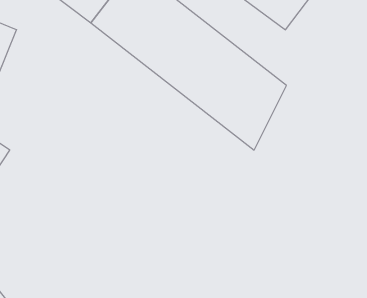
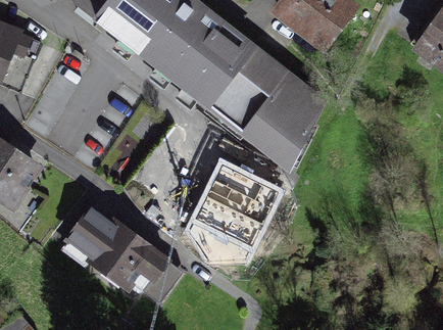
building: none -> [195,163,278,258]
building: none -> [63,207,183,301]

